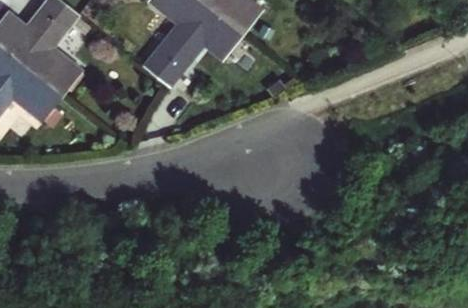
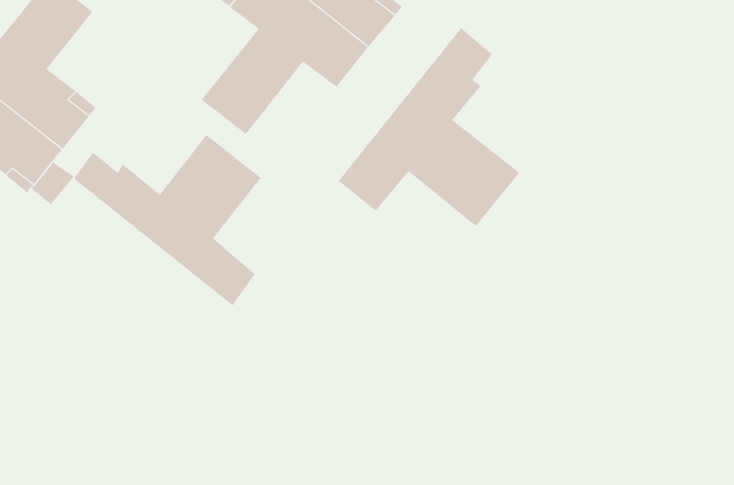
building: none -> [338,27,520,227]
building: none -> [73,134,262,306]

